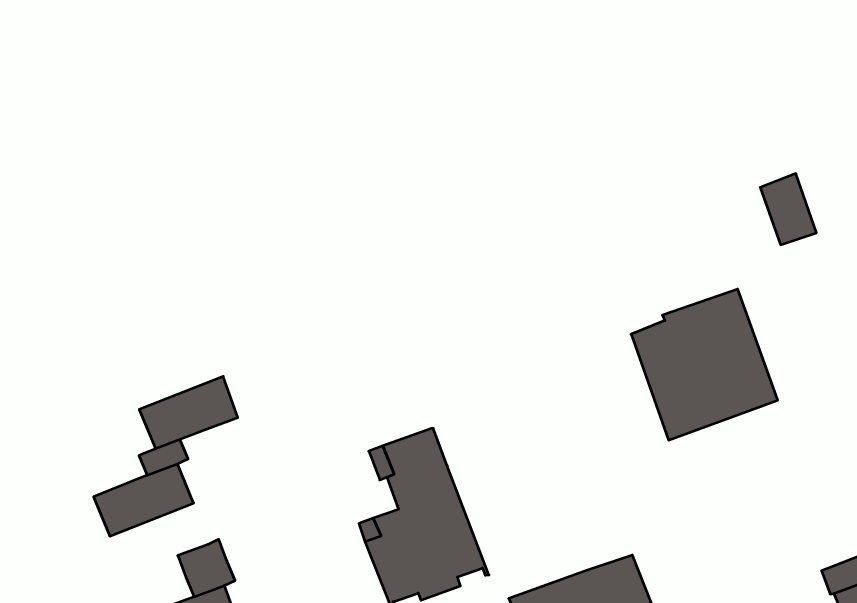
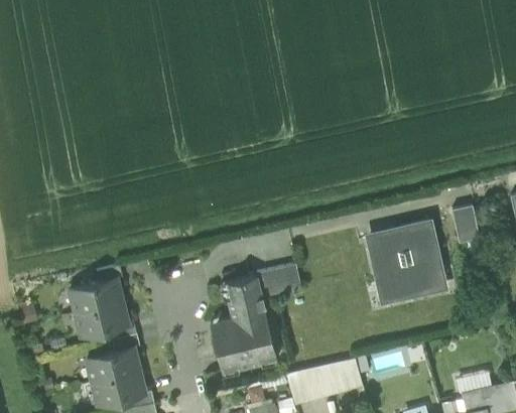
building: [760,174,816,245] -> [452,206,479,244]
building: [139,376,238,449] -> [75,301,127,335]
building: none -> [255,265,300,298]

